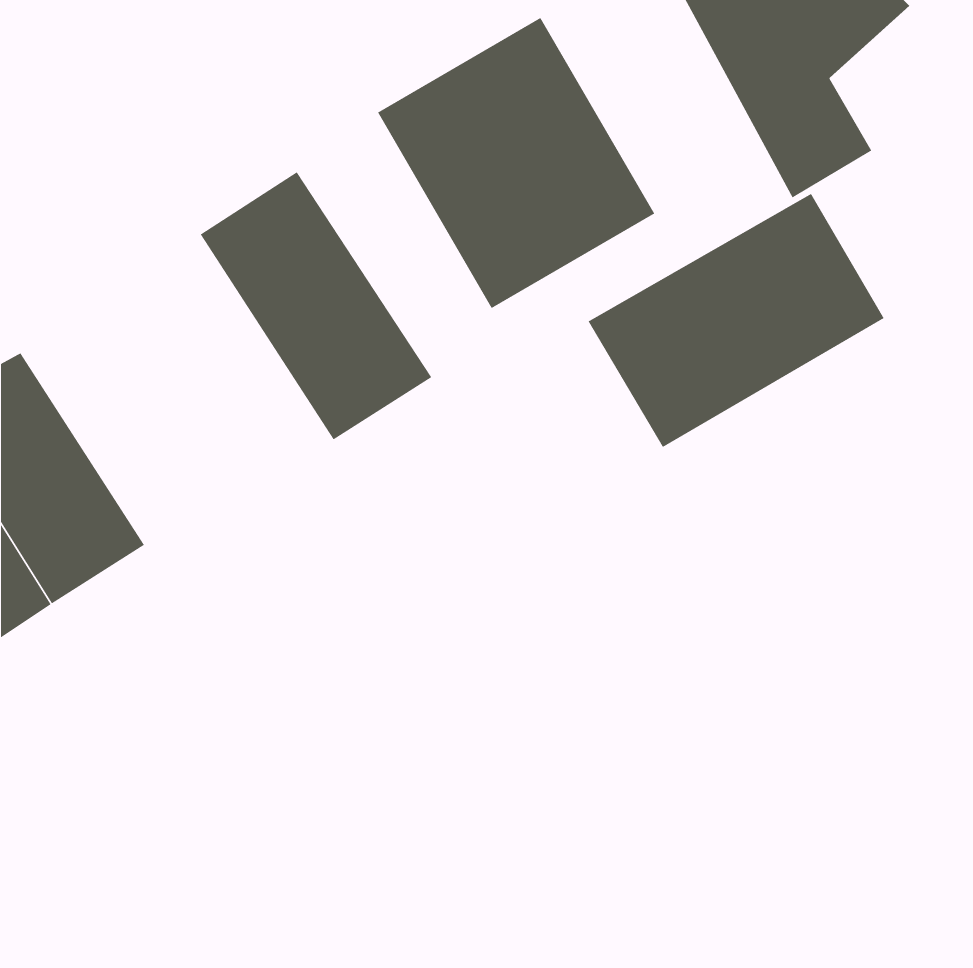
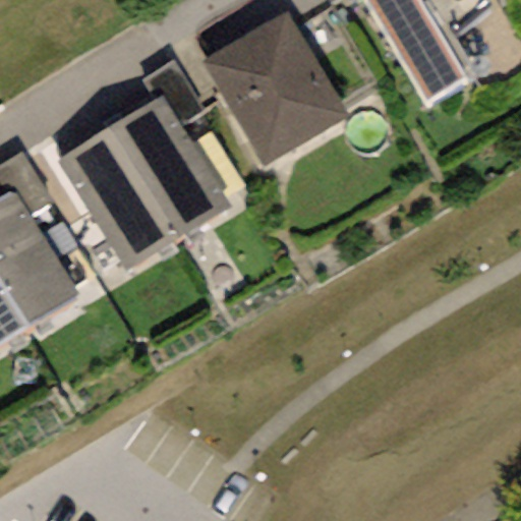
building: [588,193,884,448] -> none
building: none -> [57,125,178,268]

